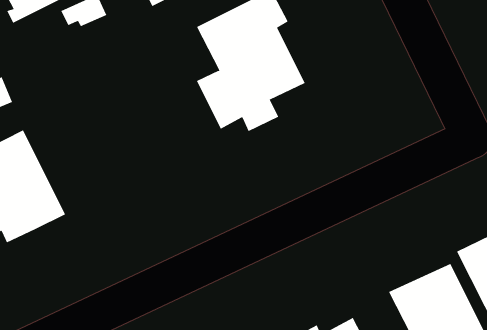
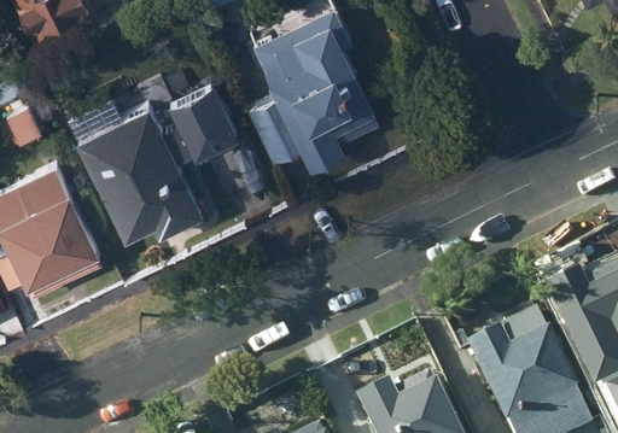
building: none -> [162,76,233,145]
building: none -> [74,103,203,240]

